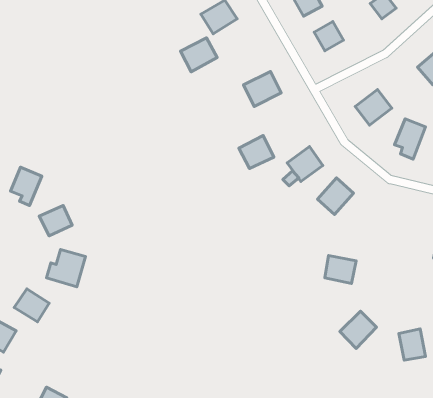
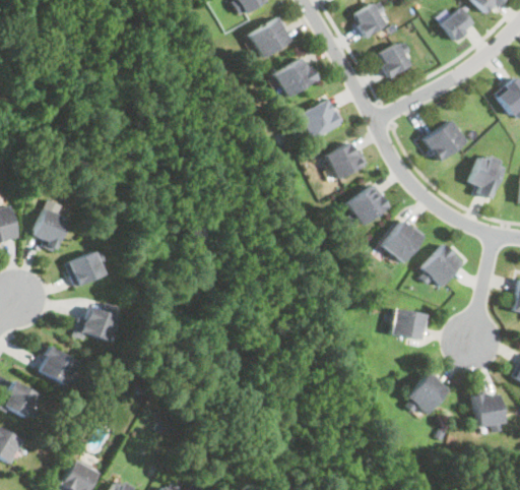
building: [181,38,217,72] -> [275,58,317,97]
building: [239,136,274,169] -> [327,141,367,179]
building: none -> [422,245,463,287]

